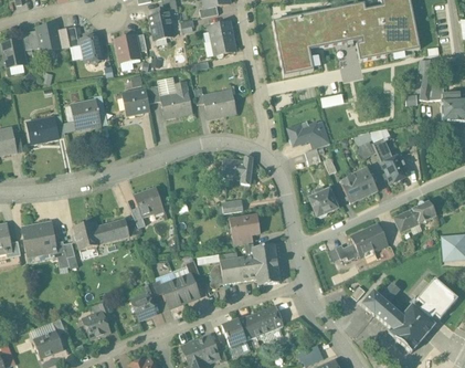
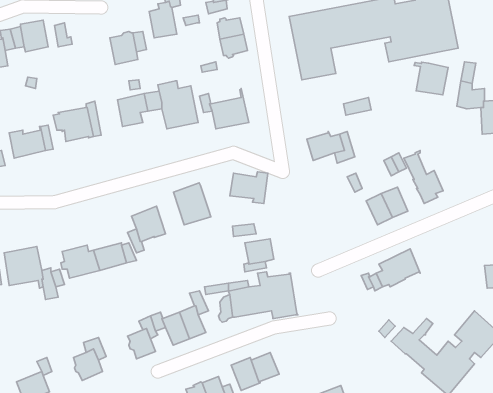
building: [81,34,104,63] -> none
building: none -> [414,62,448,95]
building: none -> [173,183,211,225]
building: [308,187,337,218] -> none
building: [392,200,435,232] -> none
building: [255,306,283,333] -> none

